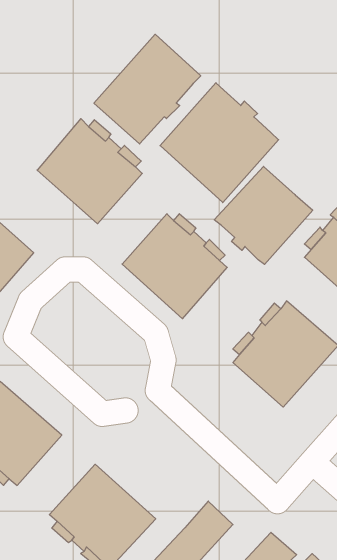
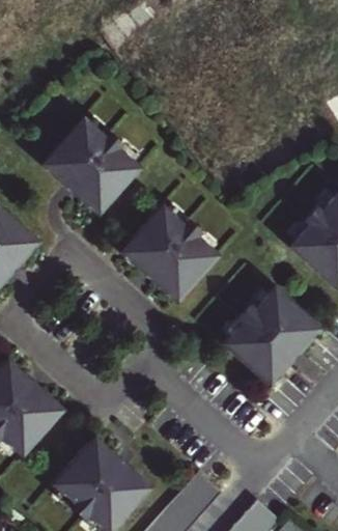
building: [94,34,201,144] -> none
building: [160,83,279,203] -> none
building: [214,166,313,264] -> none

